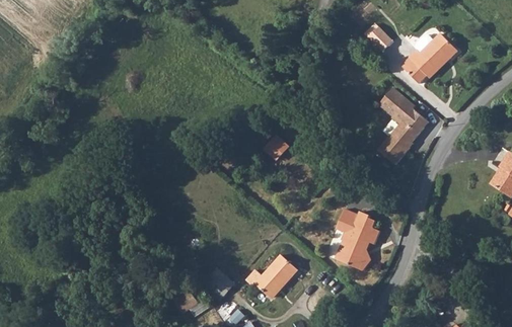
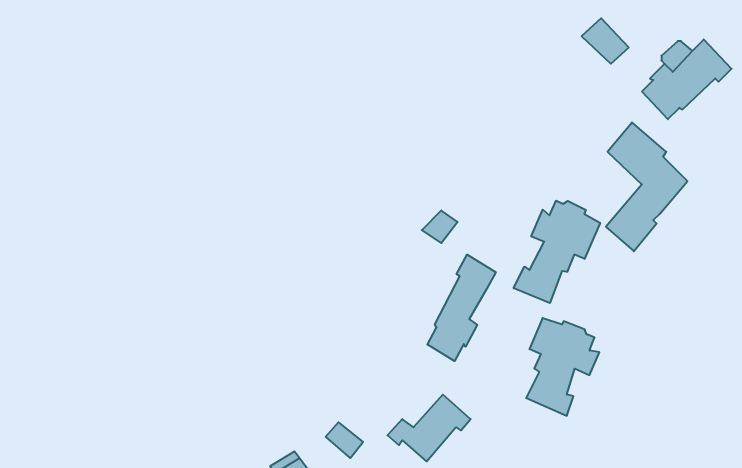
building: none -> [514,201,600,303]
building: none -> [427,255,496,361]

